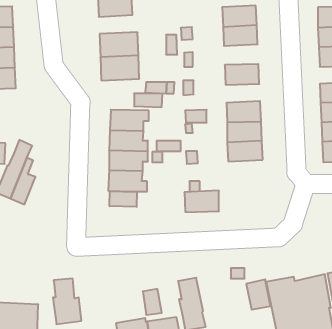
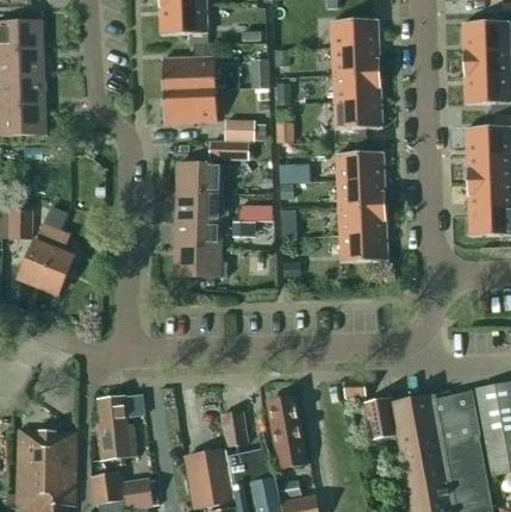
building: none -> [334,73,381,101]
building: [184,191,219,212] -> [339,232,387,262]
building: [110,191,137,207] -> none

